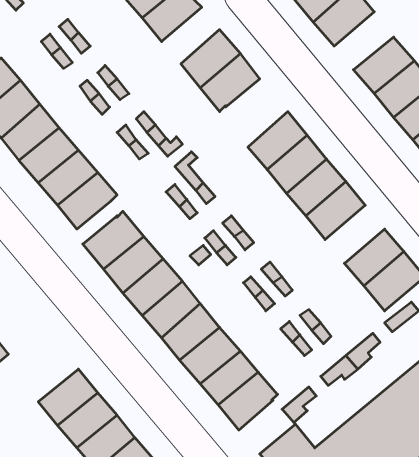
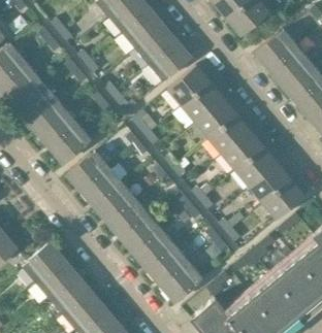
building: none -> [123,9,163,48]
building: none -> [168,65,211,106]
building: none -> [236,146,278,187]
building: none -> [23,242,65,282]

